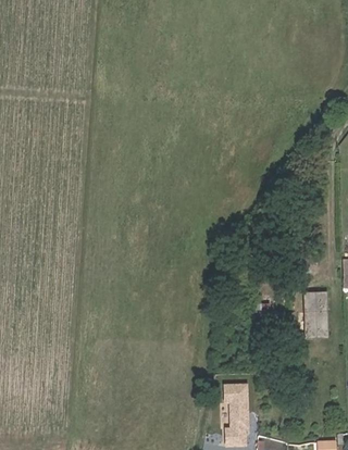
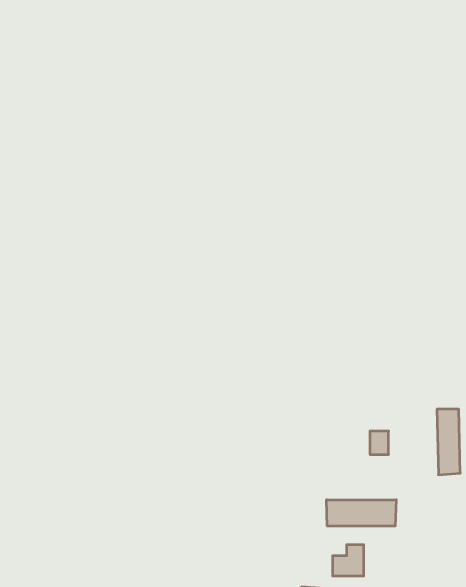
building: none -> [327,500,396,526]

